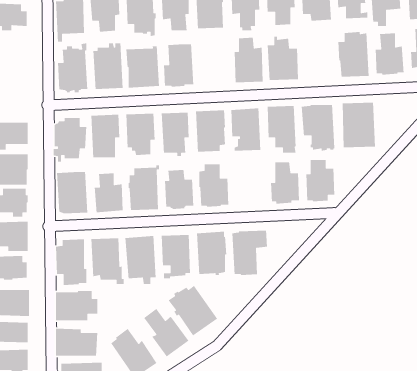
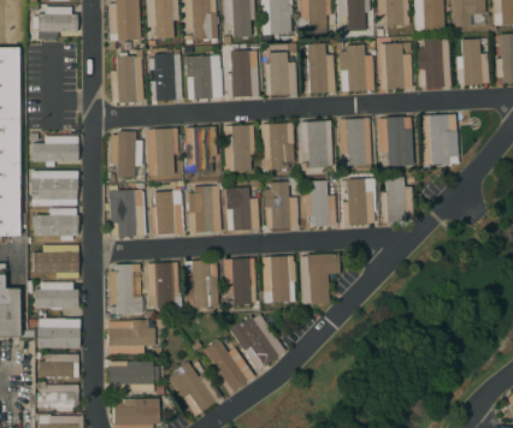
building: none -> [378,42,412,89]
building: none -> [264,52,296,95]
building: none -> [303,180,336,227]

